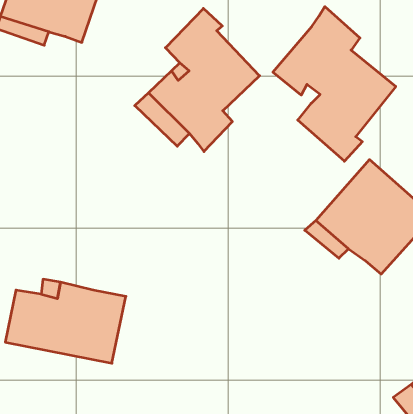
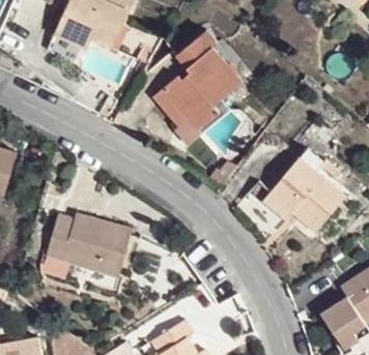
building: [273,7,396,161] -> none

